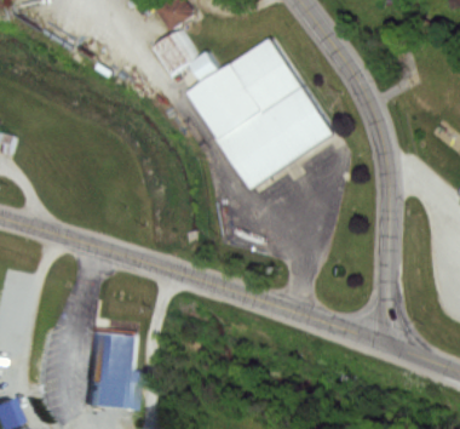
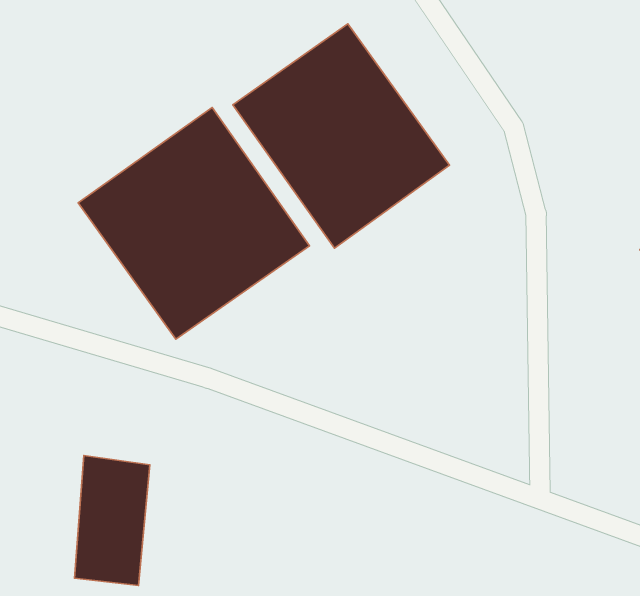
building: none -> [78,107,309,339]

